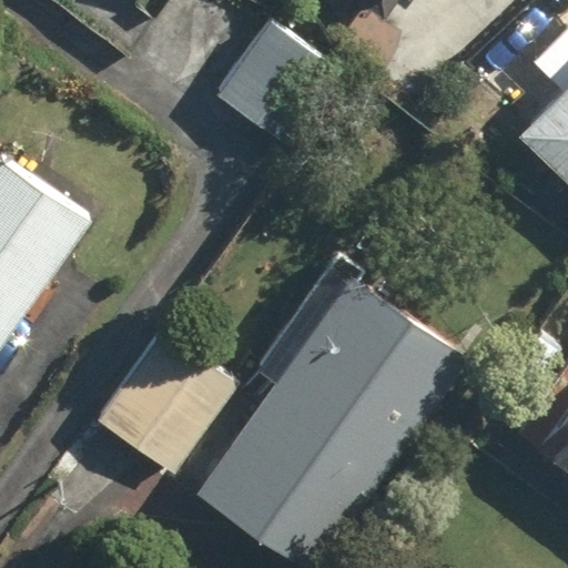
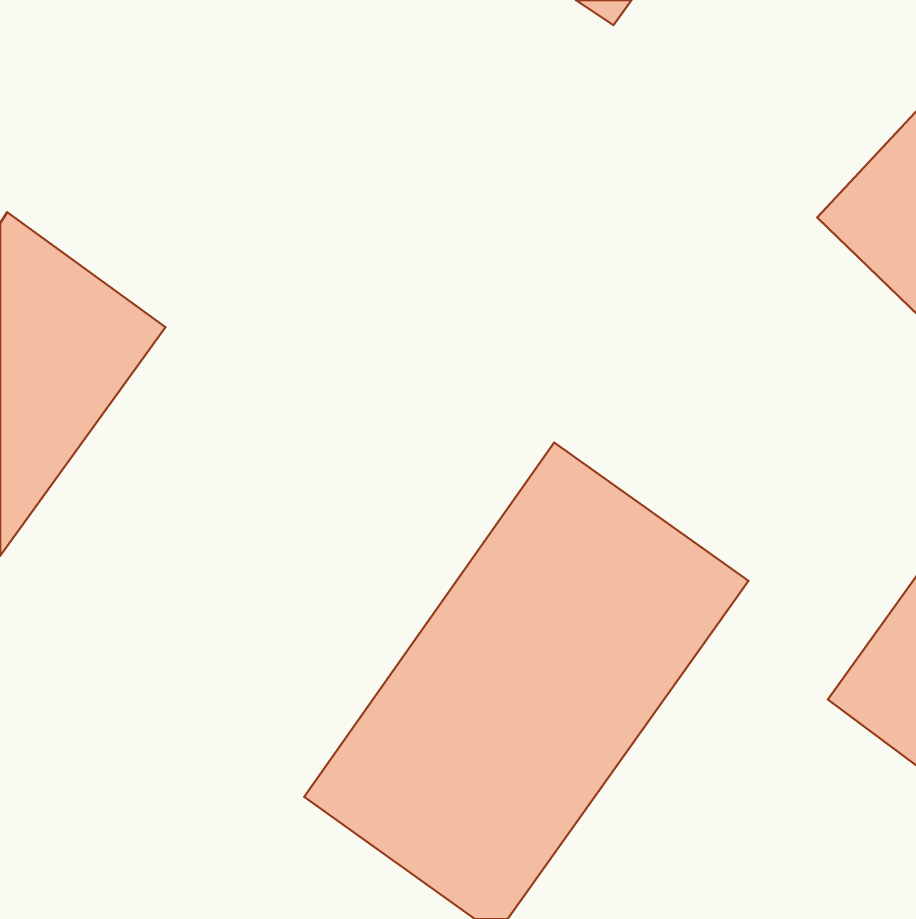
building: [213,22,337,148] -> none
building: [97,328,236,474] -> none

